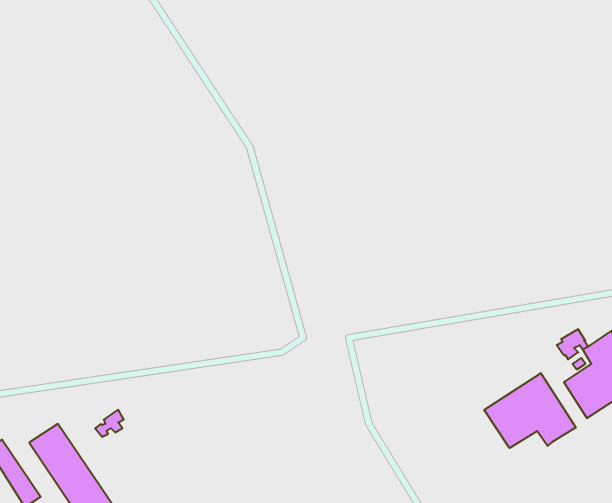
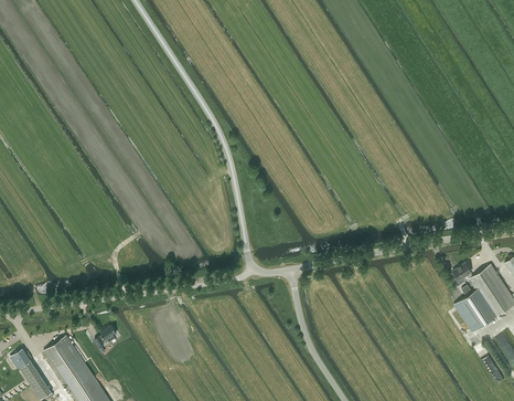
building: [484,373,576,448] -> none

